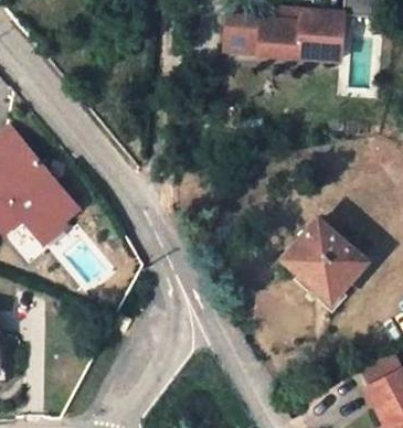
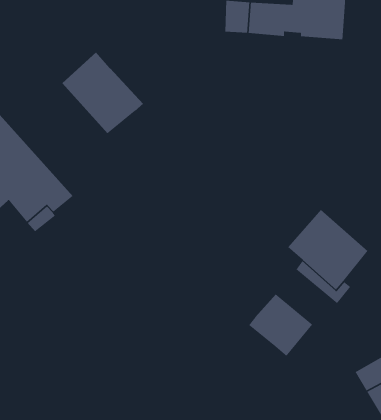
building: none -> [61,52,144,134]
building: none -> [248,294,313,357]

